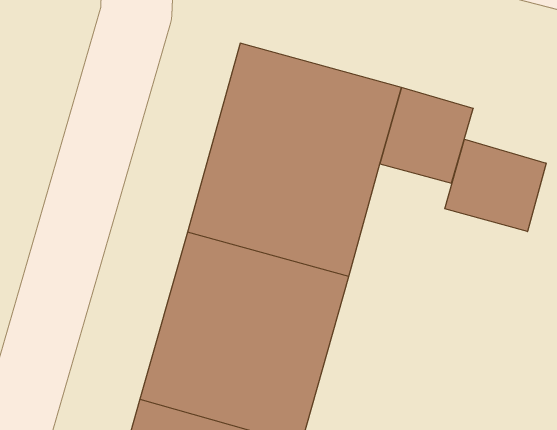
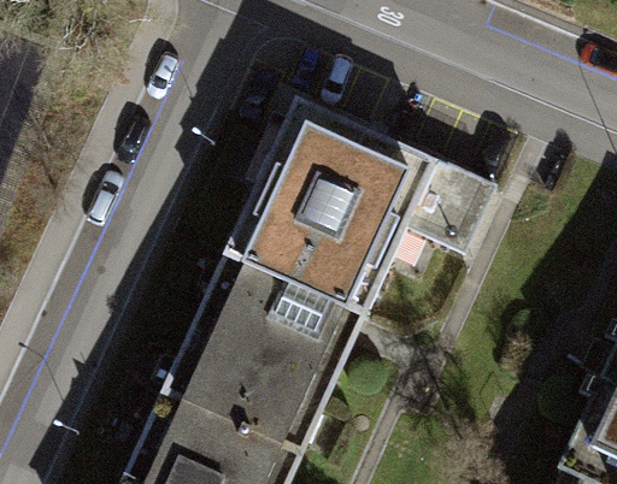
building: [445,139,546,232] -> none

